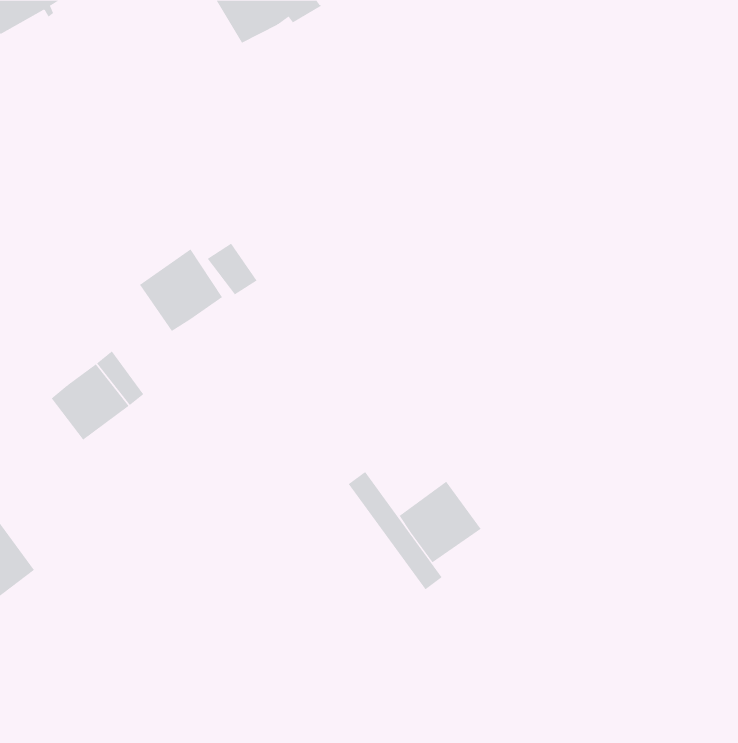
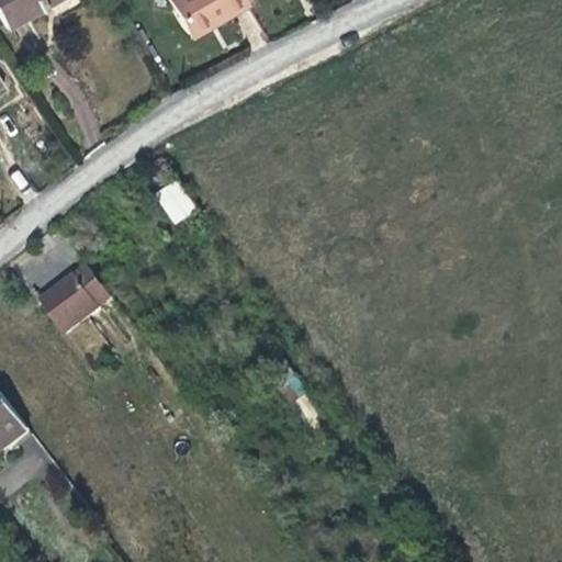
building: [139,249,223,332] -> none
building: [399,481,482,563] -> none

